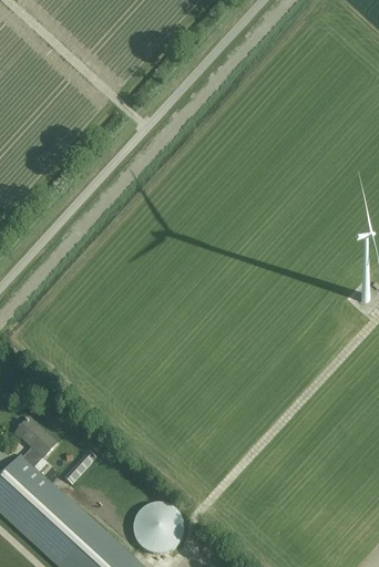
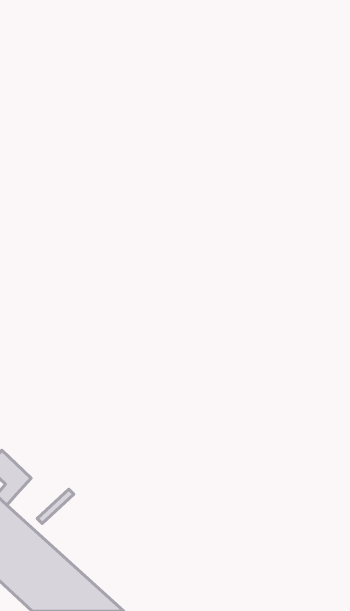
building: [132,502,183,553] -> none

